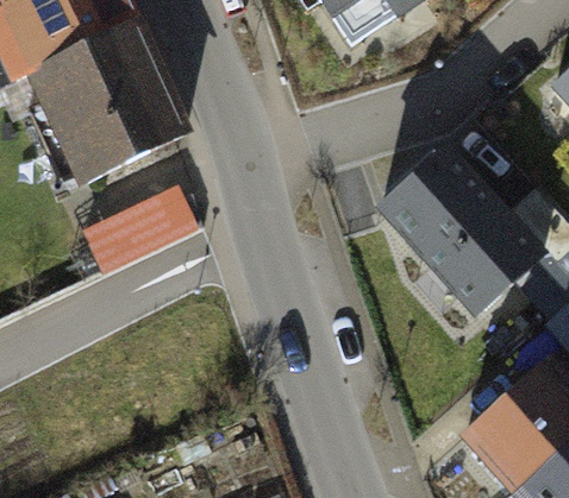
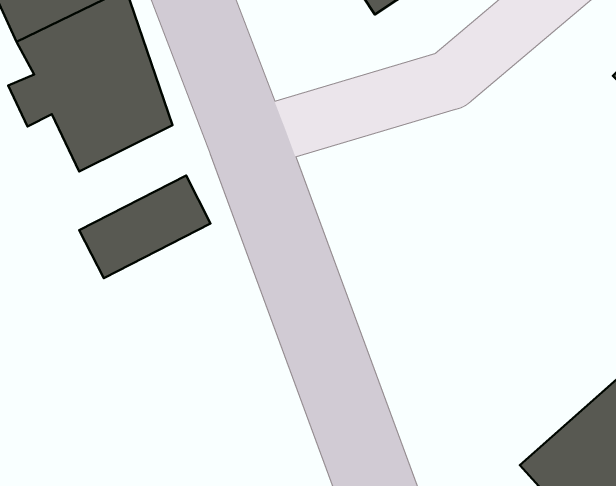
building: [377,151,549,326] -> none

